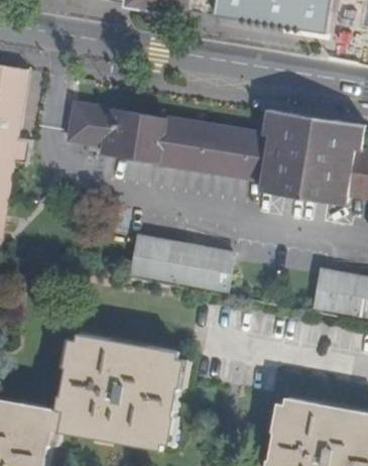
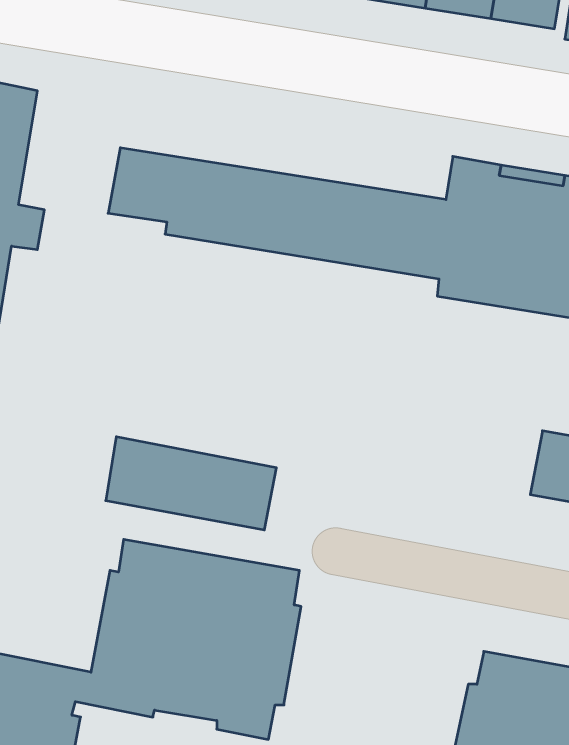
building: [130,235,230,289] -> [106,437,276,530]

